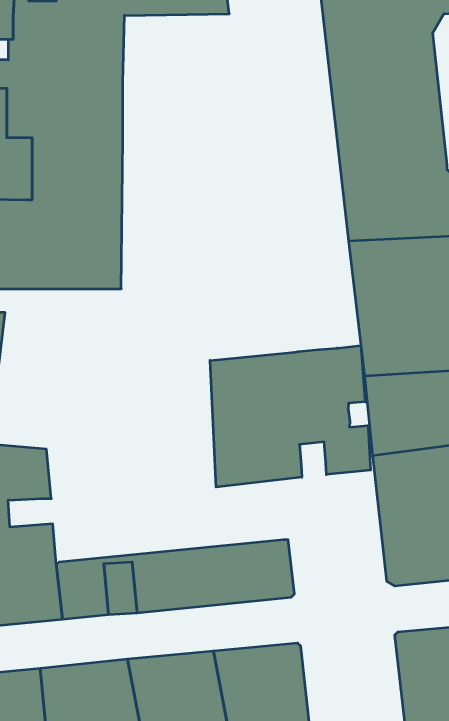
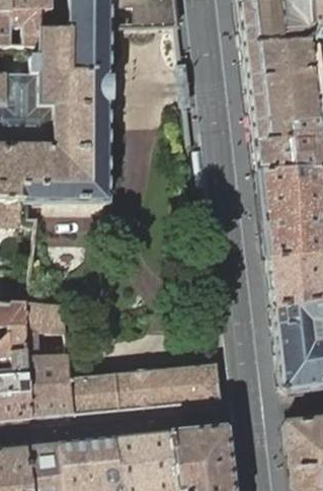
building: [210,346,371,487] -> none

